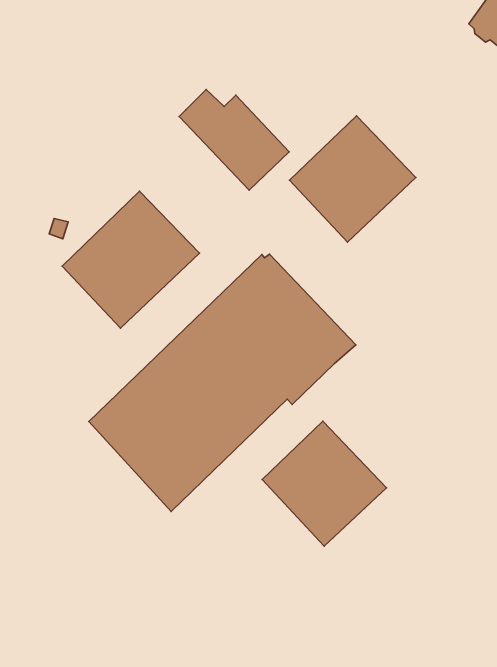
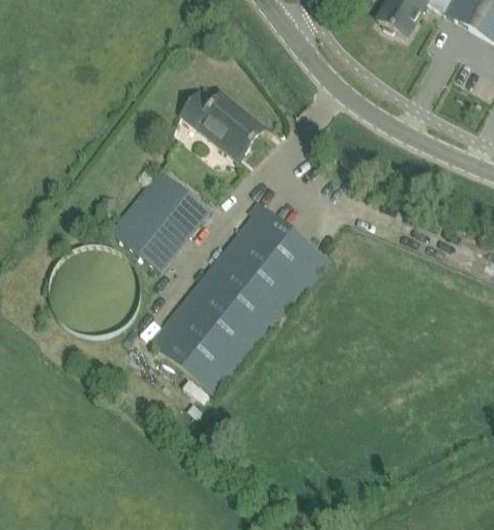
building: [289,116,416,242] -> none
building: [262,421,386,546] -> none

